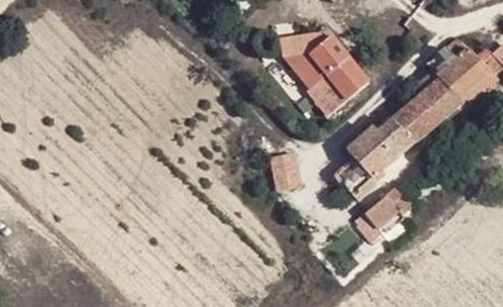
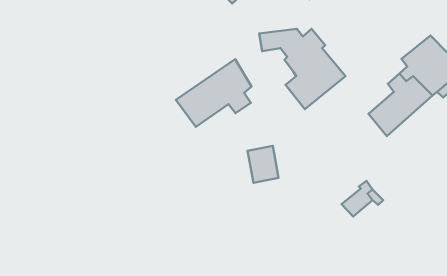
building: none -> [176,59,252,127]
building: [338,120,413,197] -> none

